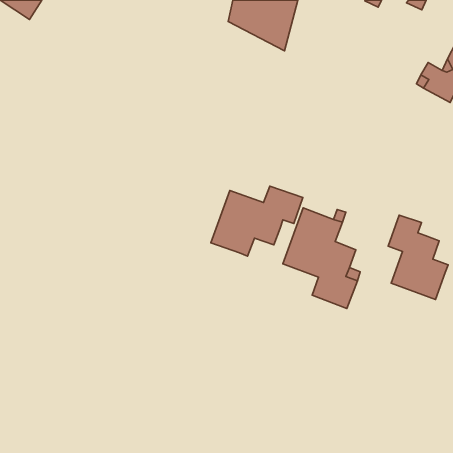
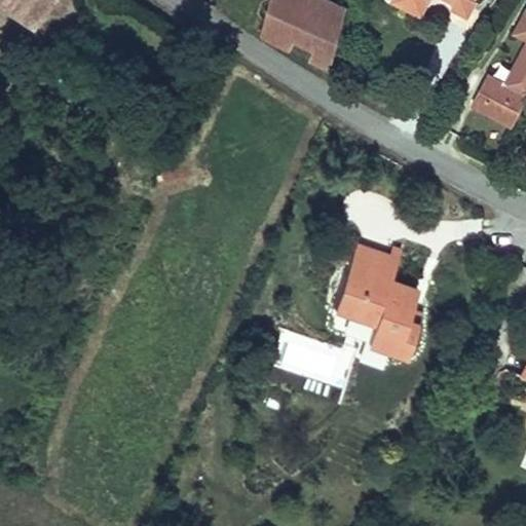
building: [211,186,303,256] -> none
building: [388,215,448,299] -> none

